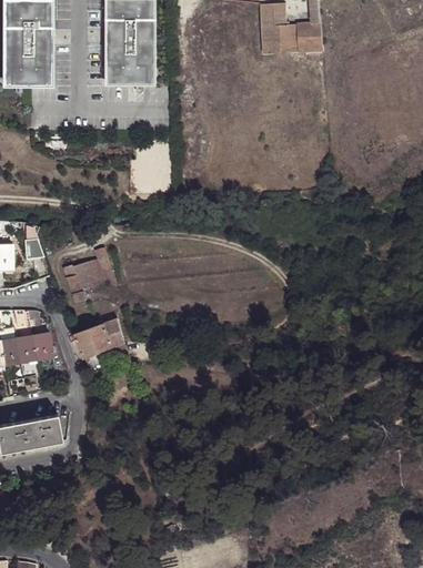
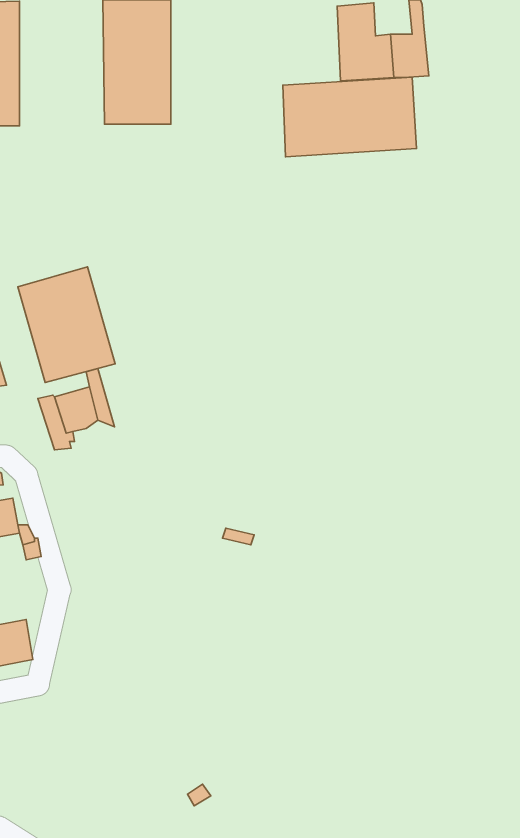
building: none -> [283,77,417,157]
building: none -> [18,267,115,382]
building: [75,318,125,358] -> none

